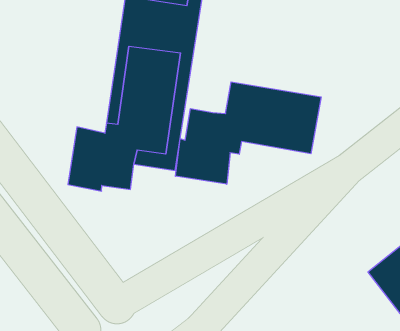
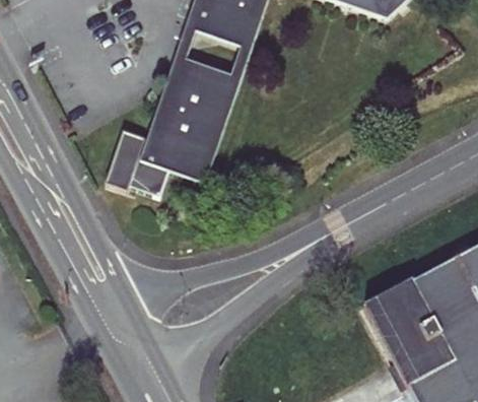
building: [175,82,321,184] -> none

